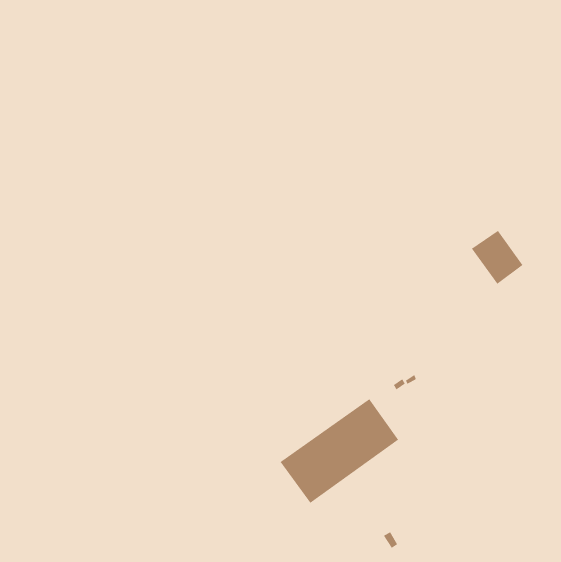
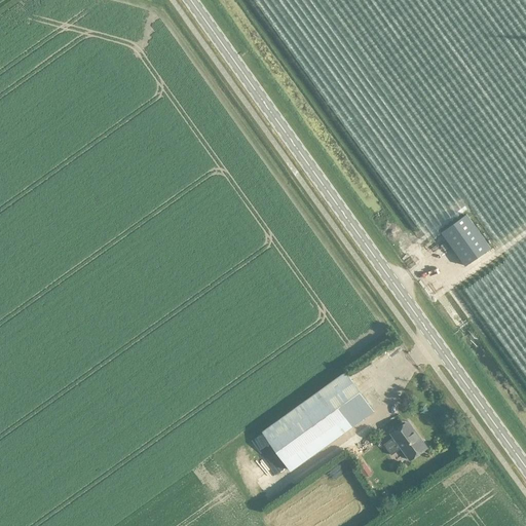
building: none -> [382,423,426,460]

